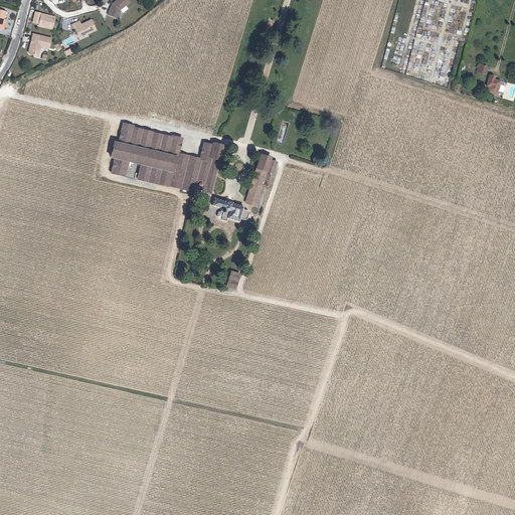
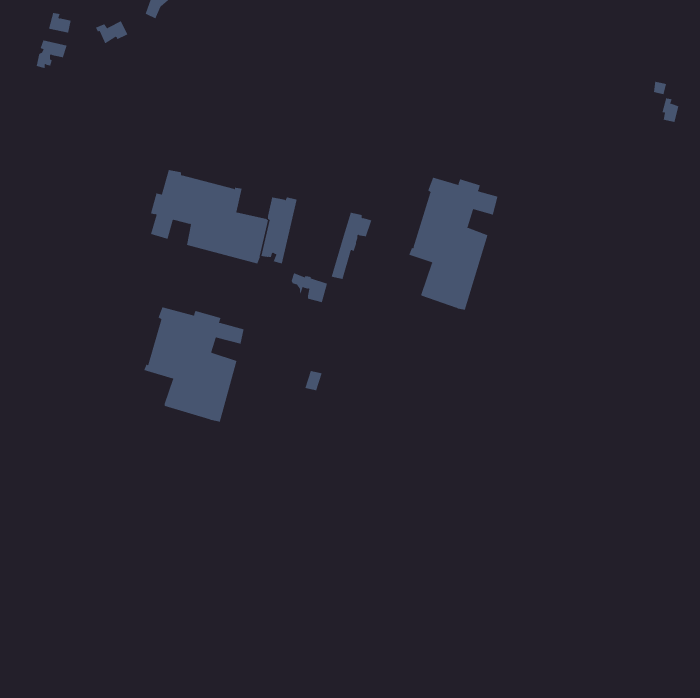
building: none -> [408,177,498,310]
building: none -> [143,307,244,422]

